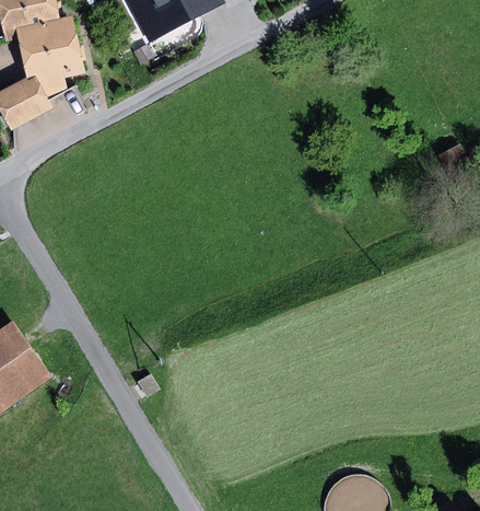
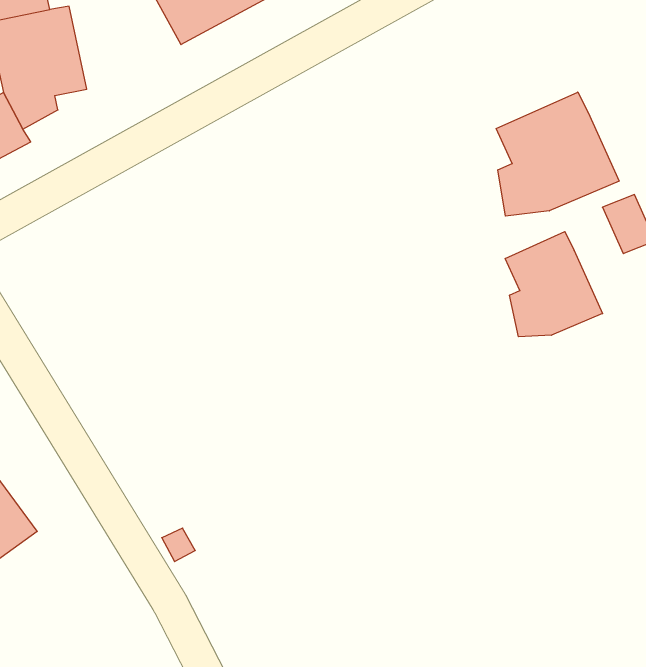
building: none -> [496,92,619,216]
building: none -> [505,232,603,337]

